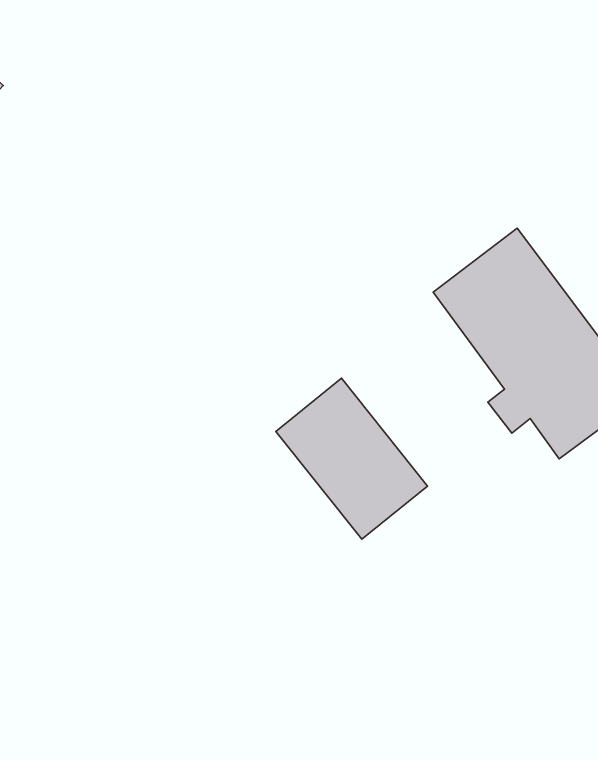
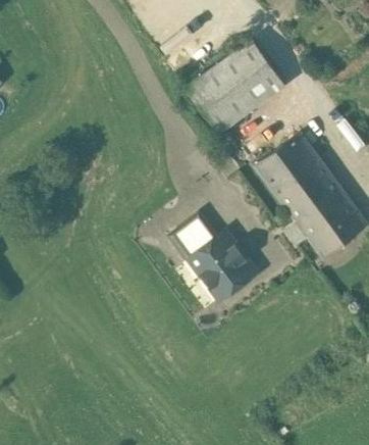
building: none -> [195,33,292,127]

